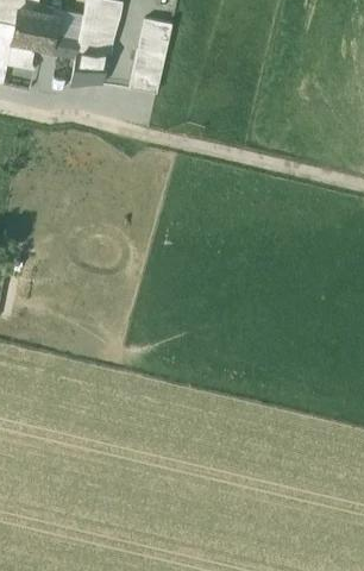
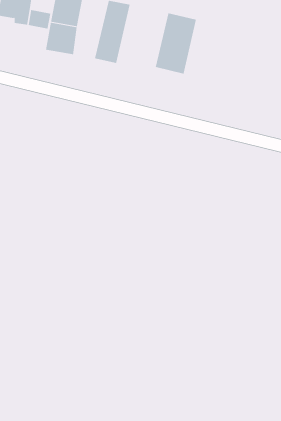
building: none -> [155,12,197,75]

